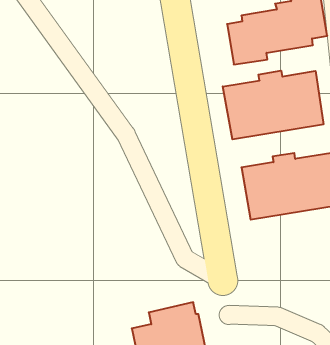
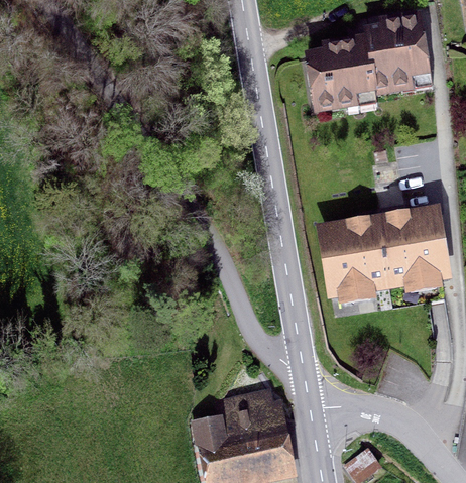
building: [223,71,323,139] -> none

